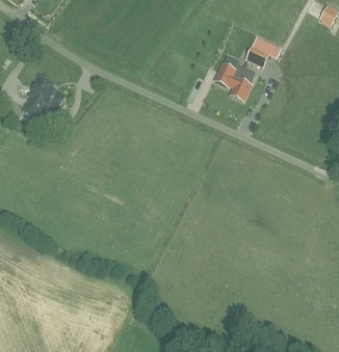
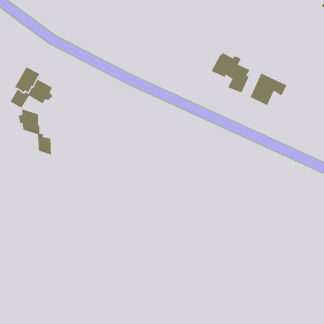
building: [245,36,281,67] -> [250,73,287,106]
building: none -> [18,108,52,156]

